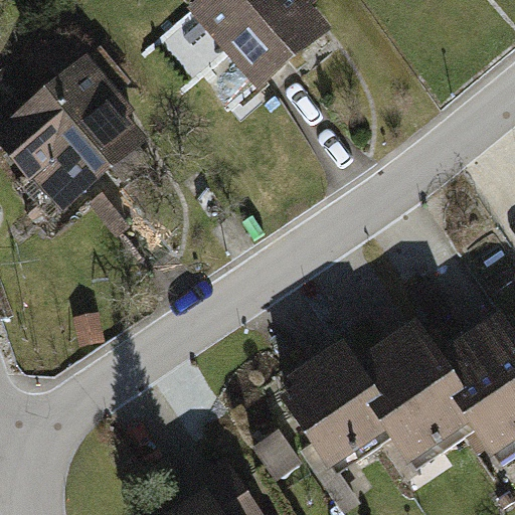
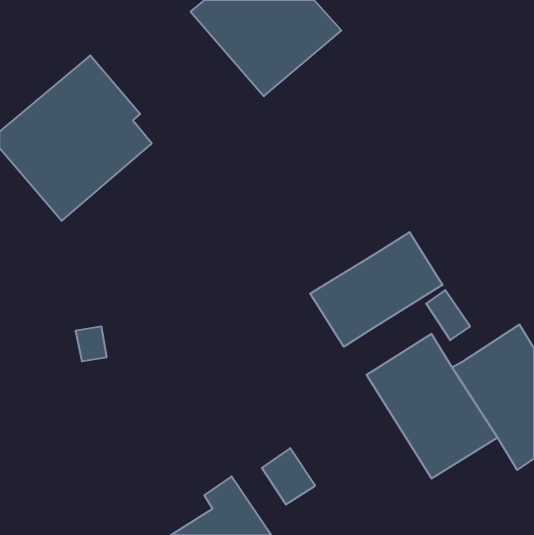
building: none -> [310,232,443,347]
building: [272,341,396,473] -> none

